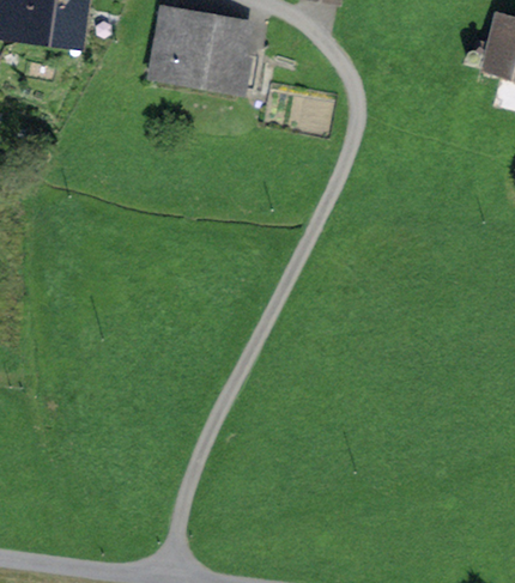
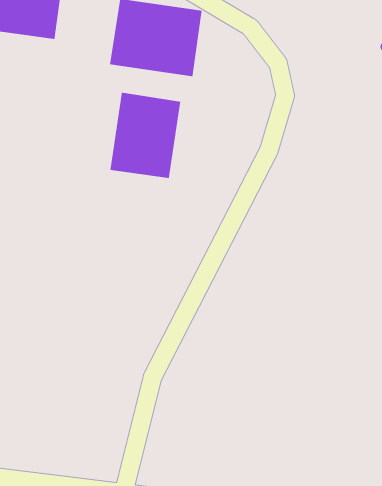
building: none -> [110,92,181,179]

